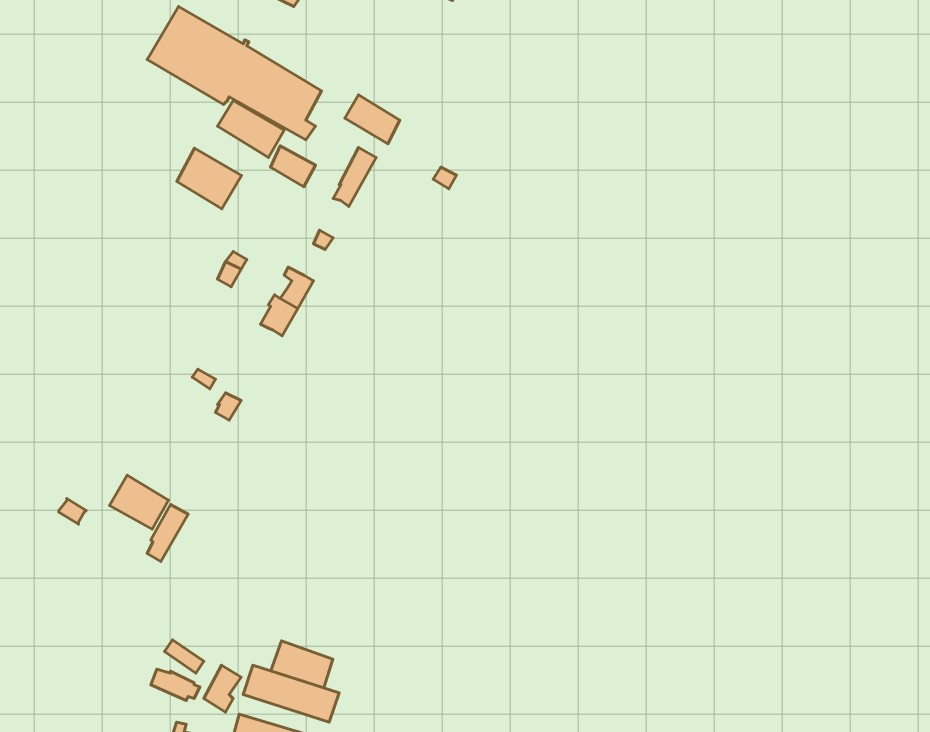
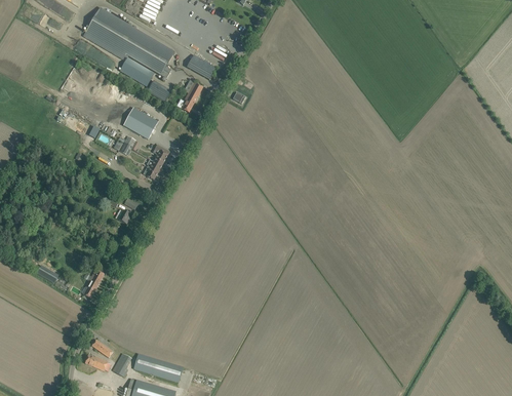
building: [177,148,242,209] -> [124,107,158,138]
building: [109,475,168,529] -> none
building: [271,641,333,688] -> none

